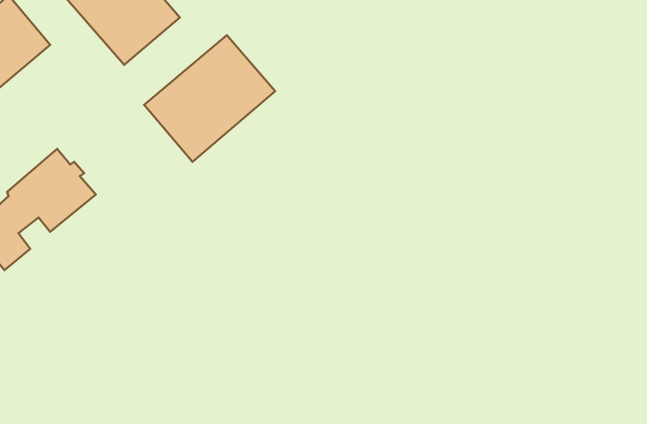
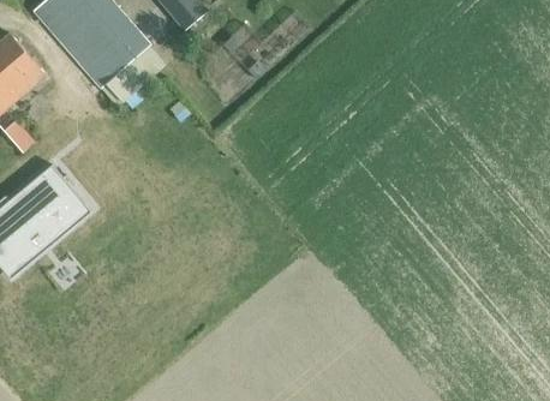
building: [144,35,275,162] -> none

